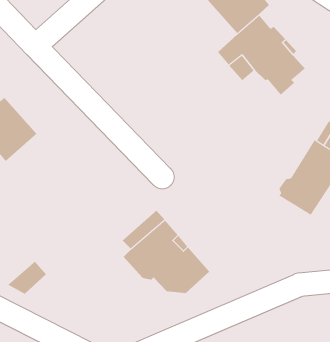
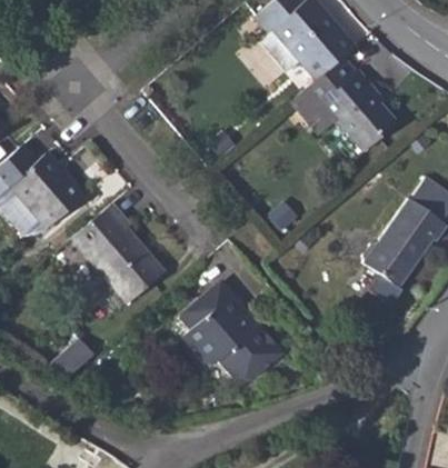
building: none -> [74,203,165,302]

